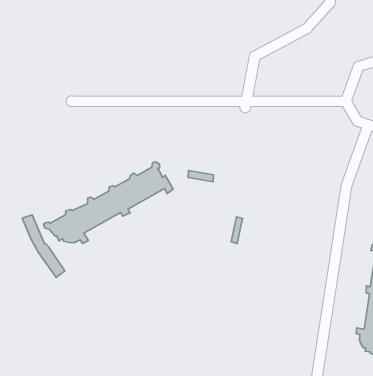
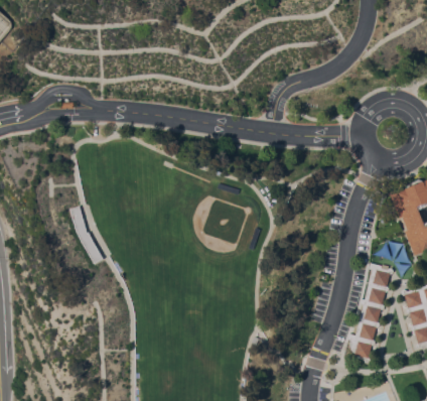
building: [44,162,173,244] -> none

